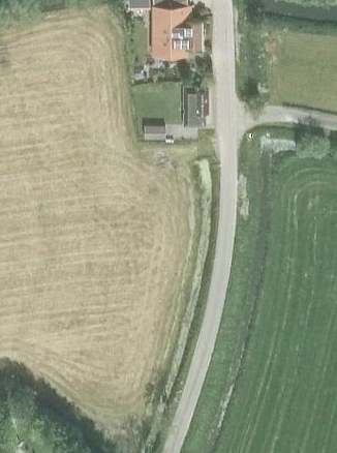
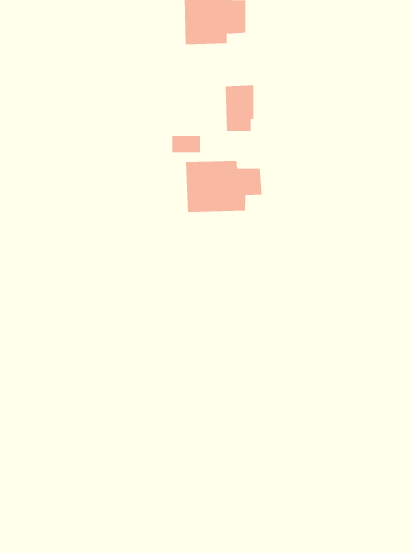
building: none -> [185,160,262,213]

